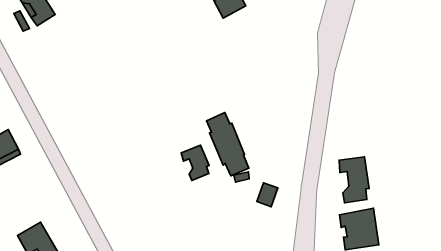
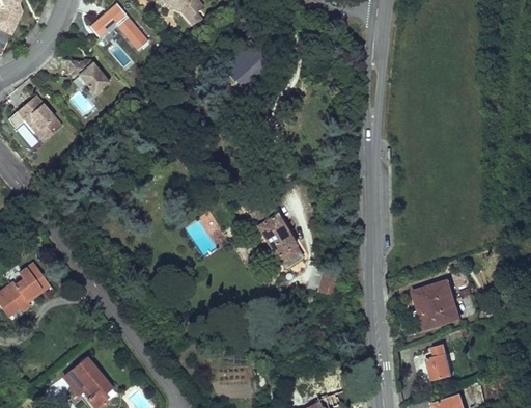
building: [181,145,209,181] -> none
building: [339,157,369,203] -> none

